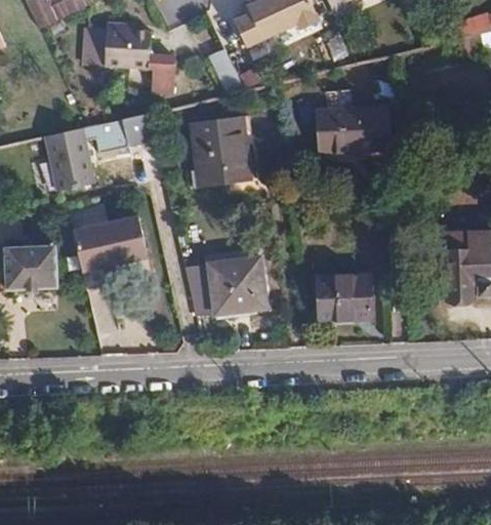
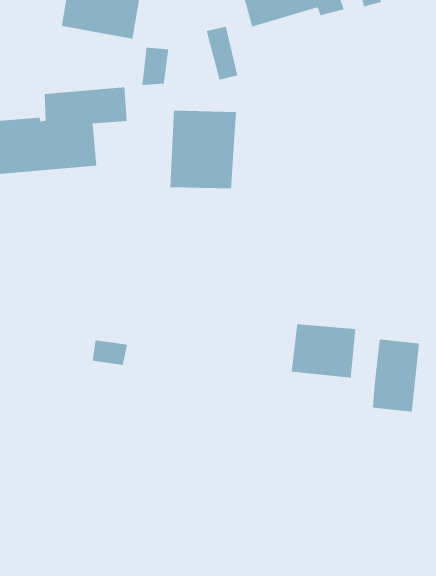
building: [318,110,388,153] -> none
building: [75,213,154,271] -> none
building: [207,259,260,313] -> none
building: none -> [372,339,419,413]

